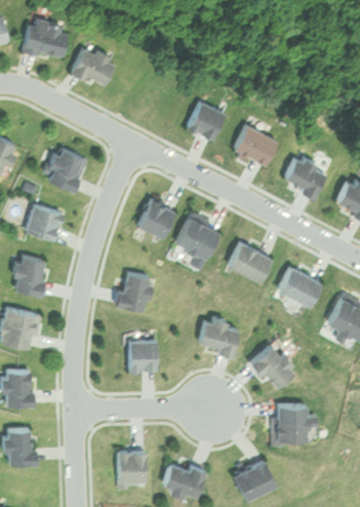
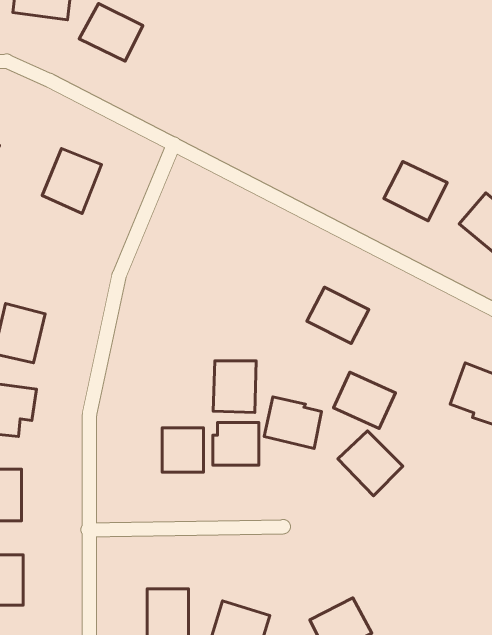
building: [187,102,225,141] -> none
building: [234,126,277,165] -> none
building: [136,199,174,237] -> none
building: [25,204,62,240] -> none
building: [175,214,221,260] -> none
building: [278,267,321,306] -> [333,372,396,428]
building: [119,274,149,310] -> [213,361,256,413]
building: none -> [213,423,259,465]
building: [272,403,316,441] -> none

